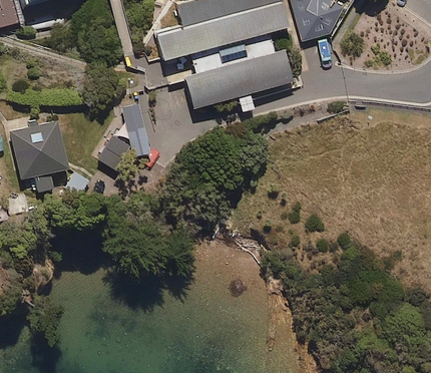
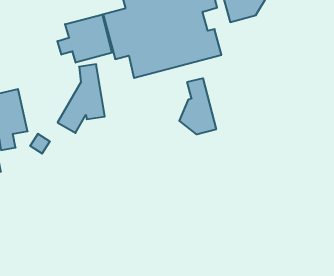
building: none -> [57,14,112,63]
building: none -> [179,78,216,134]

